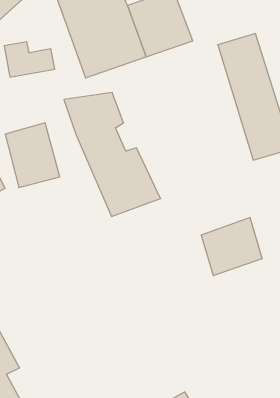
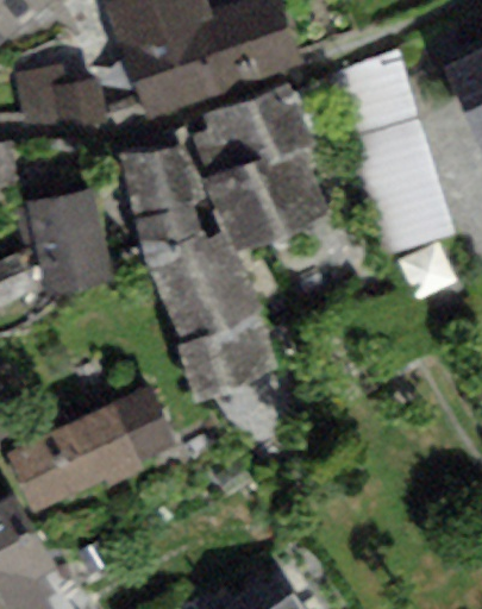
building: none -> [196,88,320,241]
building: [201,218,262,276] -> [183,302,274,388]
building: none -> [24,391,167,492]

